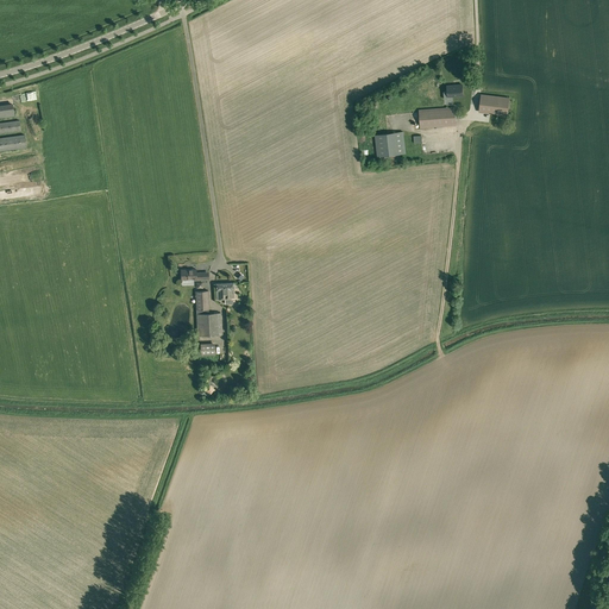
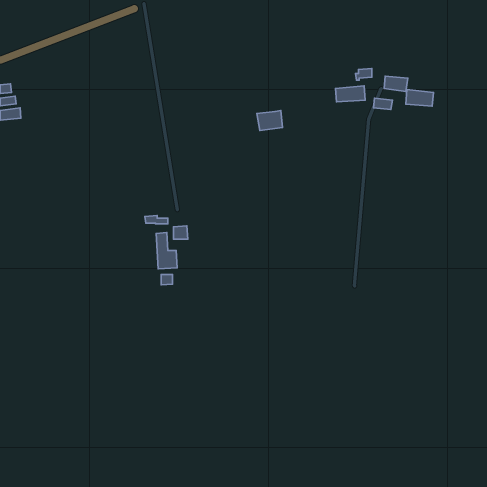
building: none -> [406,89,433,106]
building: [375,131,407,156] -> [257,110,283,130]

